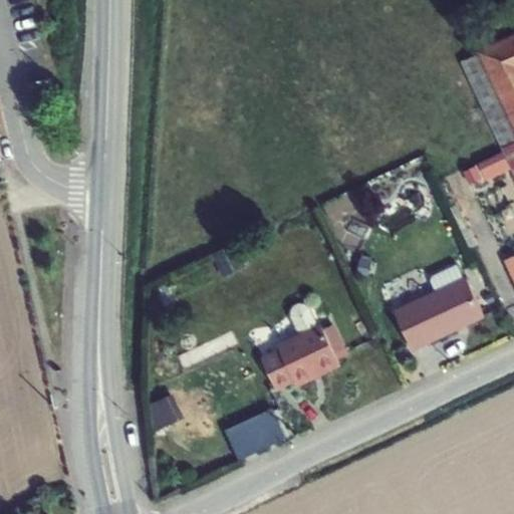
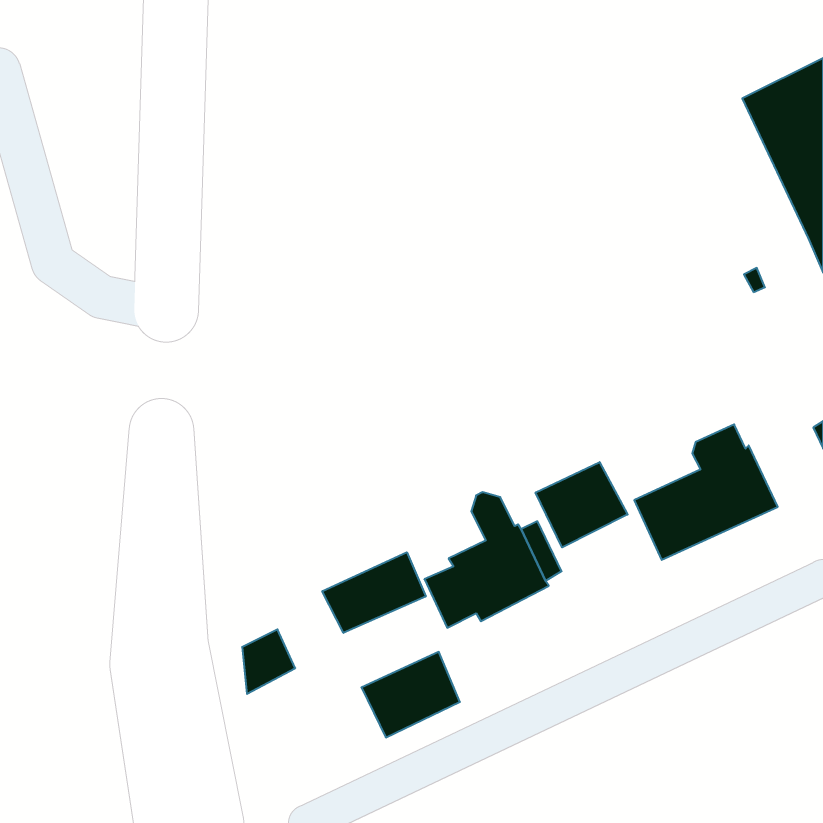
building: none -> [536,462,628,547]
building: none -> [322,552,426,633]

